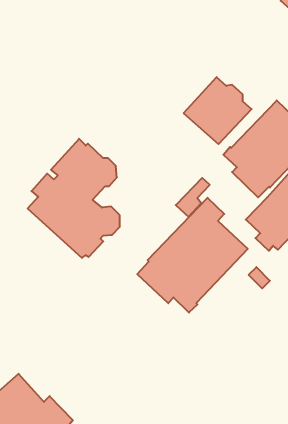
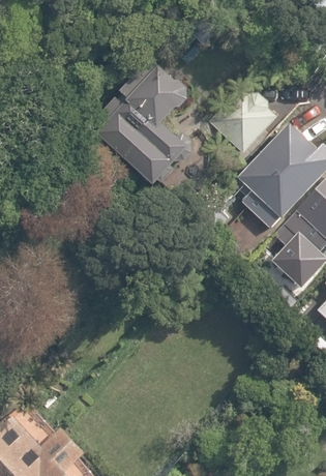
building: [28,139,120,258] -> [98,57,197,184]
building: [137,198,248,313] -> none

